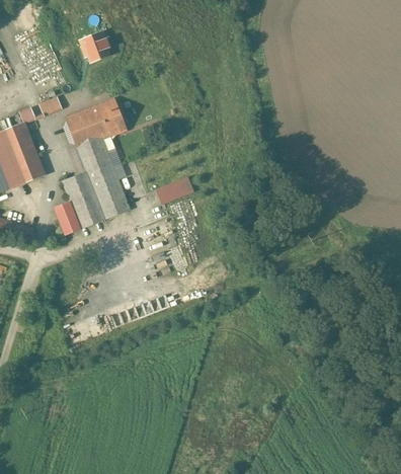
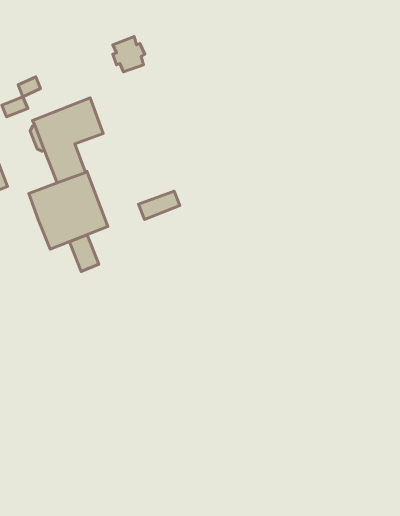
building: [83,31,110,62] -> [113,36,145,72]
building: [56,203,81,234] -> [69,235,99,271]

